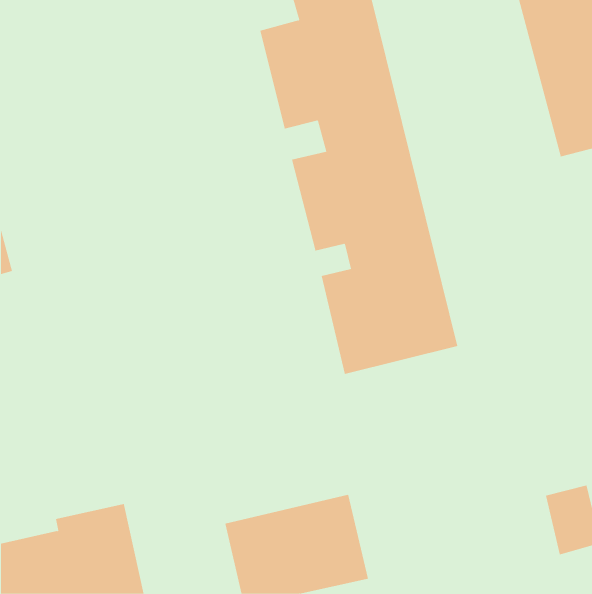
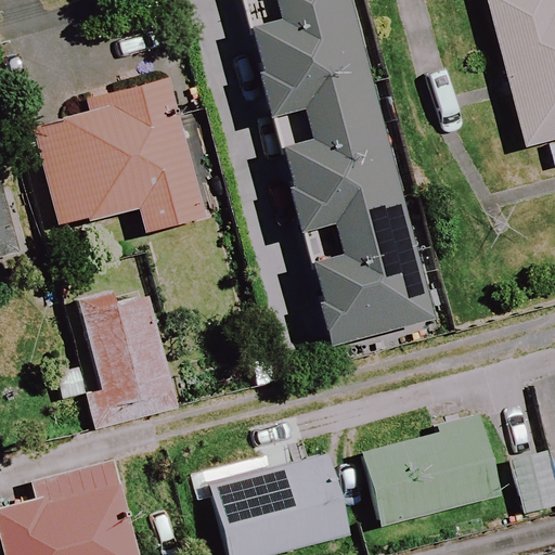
building: none -> [35,77,208,236]
building: none -> [79,293,177,413]
building: none -> [363,421,502,531]

